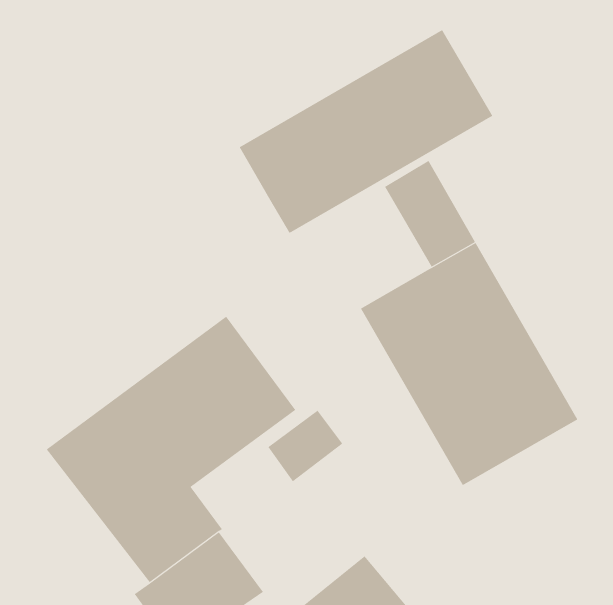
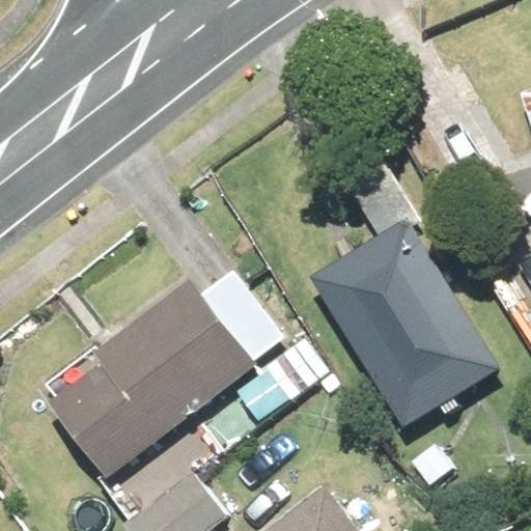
building: [239,29,493,234] -> none

